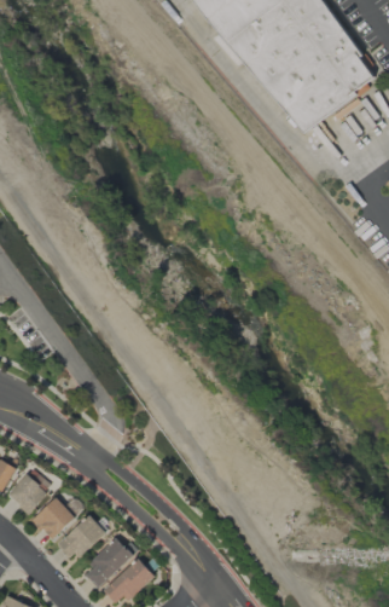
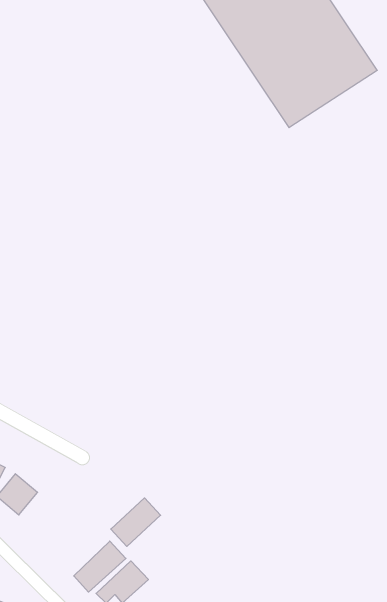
building: [31,496,75,539] -> none
building: [57,514,105,561] -> [111,498,161,546]

